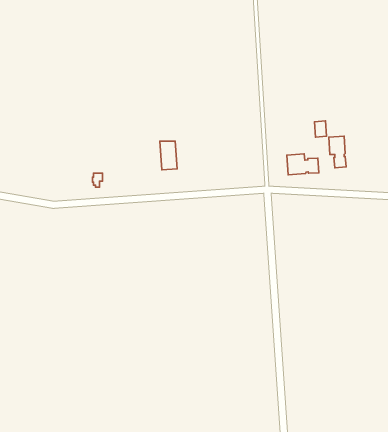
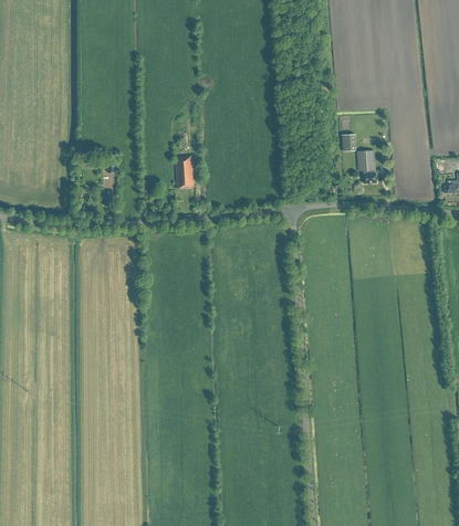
building: [287,154,319,175] -> none

